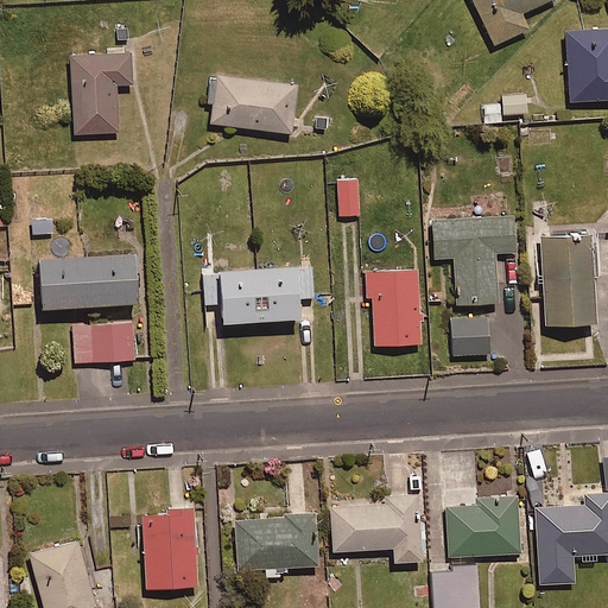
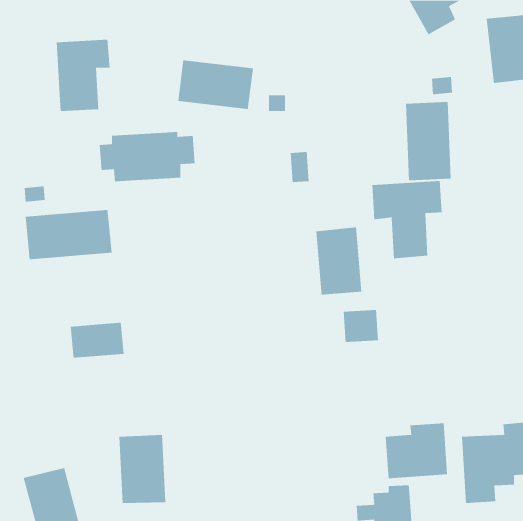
building: [542,234,595,325] -> [405,101,452,181]
building: [203,266,315,324] -> [99,131,196,182]
building: [449,319,490,357] -> [343,310,379,343]
building: [74,324,137,366] -> [70,322,124,358]
building: [330,494,420,562] -> none
building: [234,513,317,580] -> none

